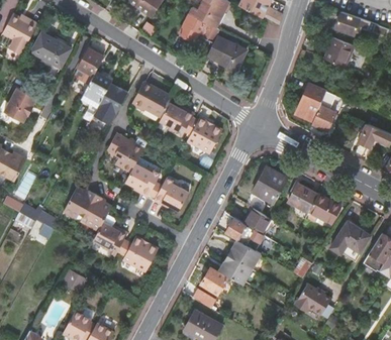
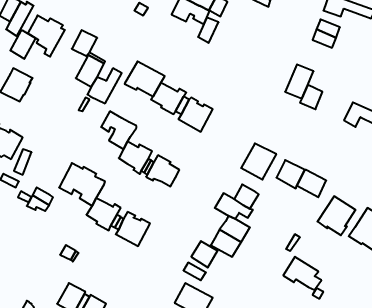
building: [218,41,246,71] -> none
building: none -> [10,30,35,59]

